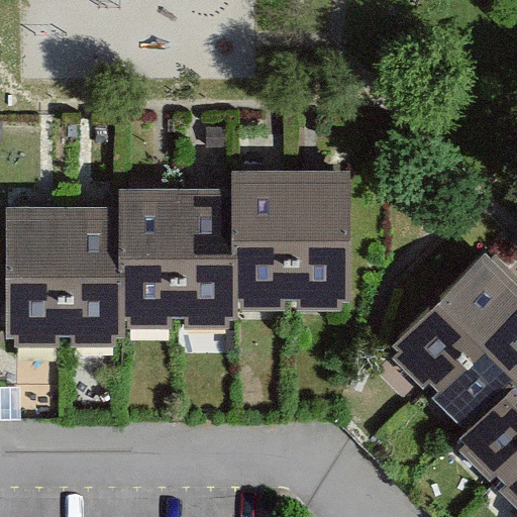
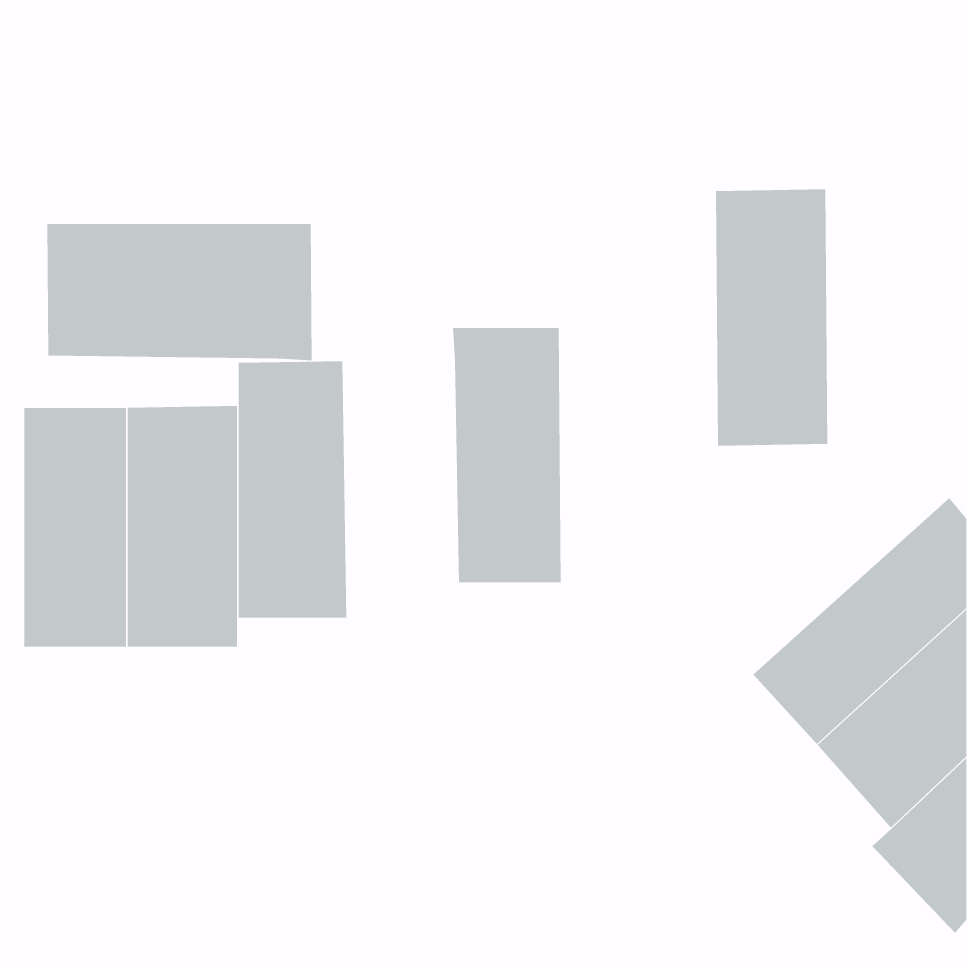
building: none -> [47,223,312,361]
building: [290,169,348,302] -> [715,189,828,446]
building: [178,187,237,320] -> none

